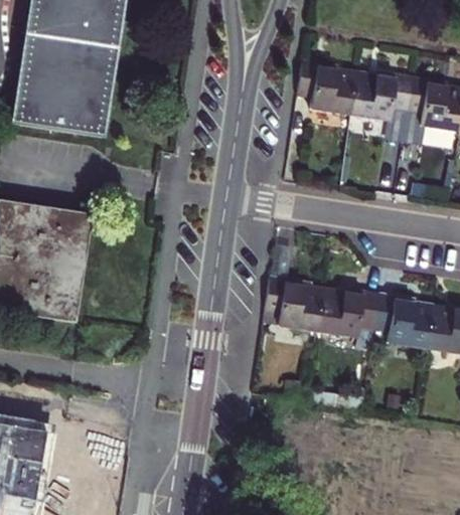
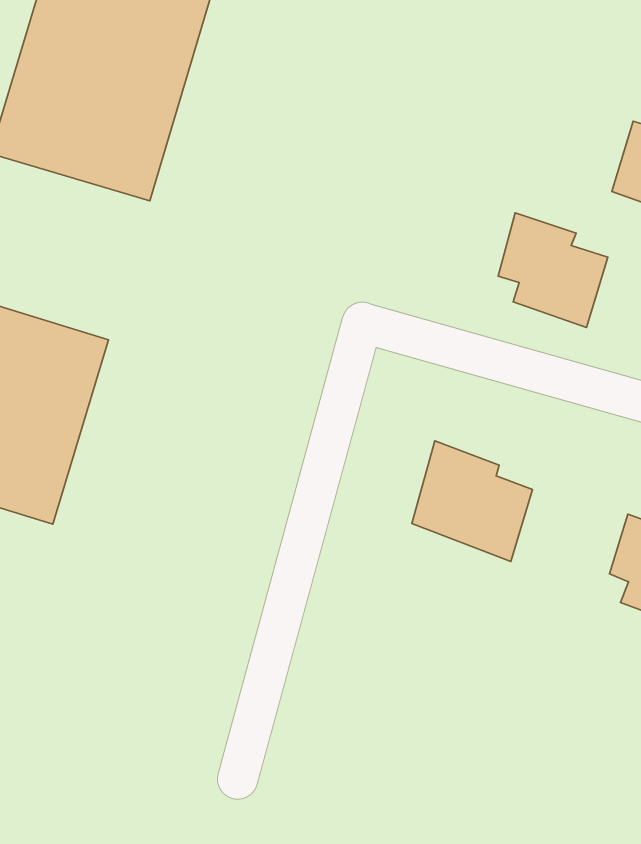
building: [304,53,363,112] -> [498,213,608,327]
building: [326,280,388,331] -> none

